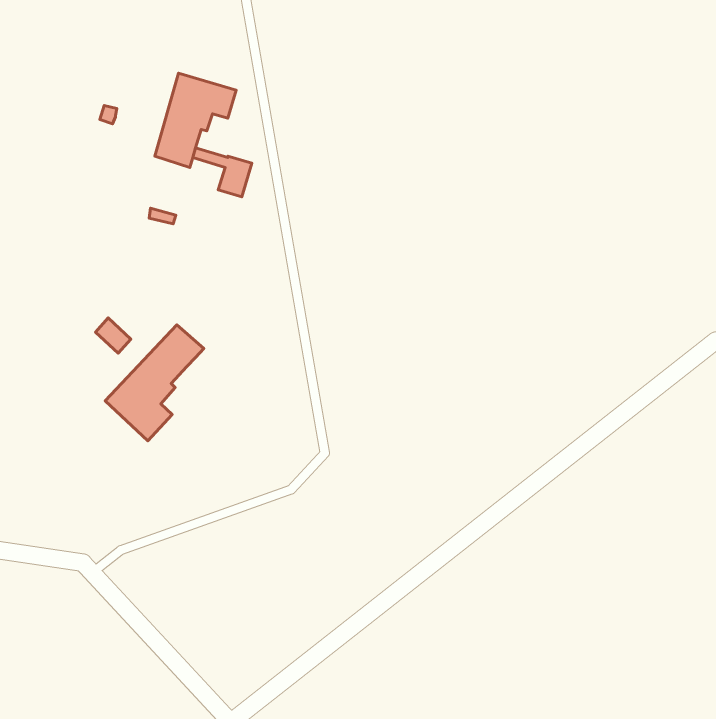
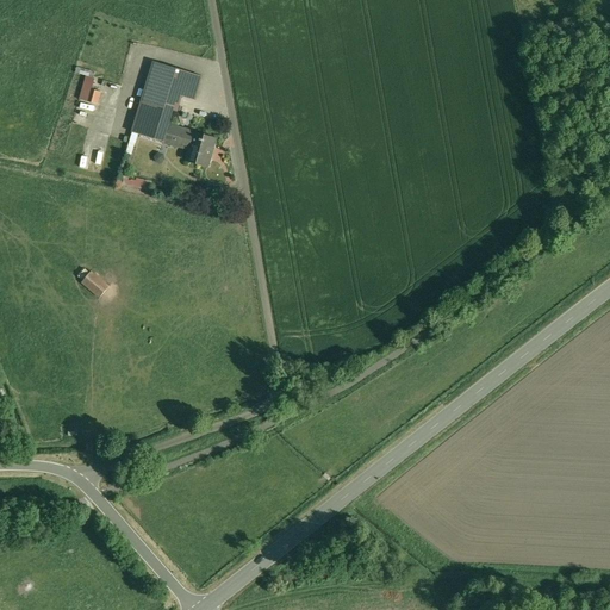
building: [105,325,204,441] -> none

